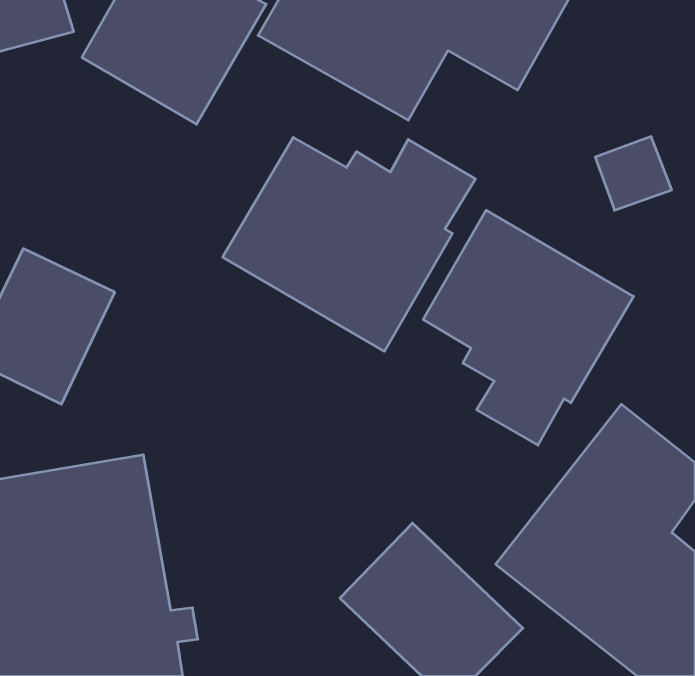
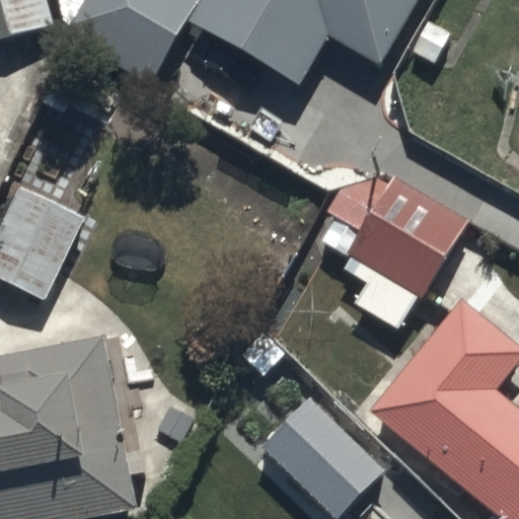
building: [223,137,475,351] -> none

